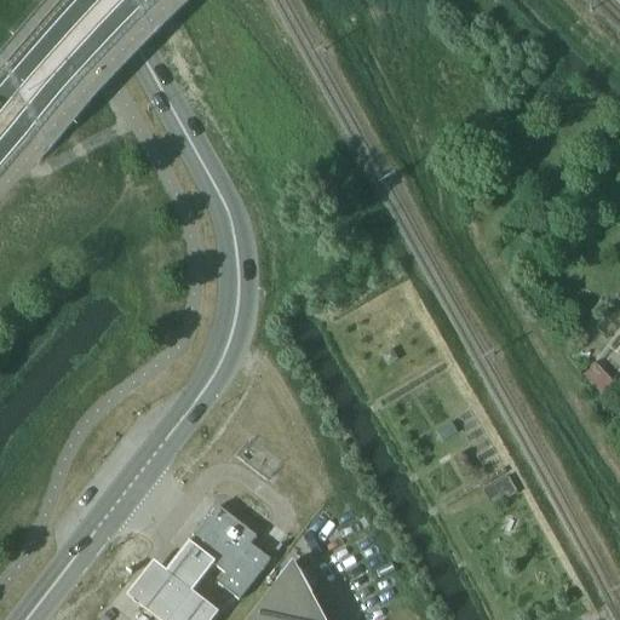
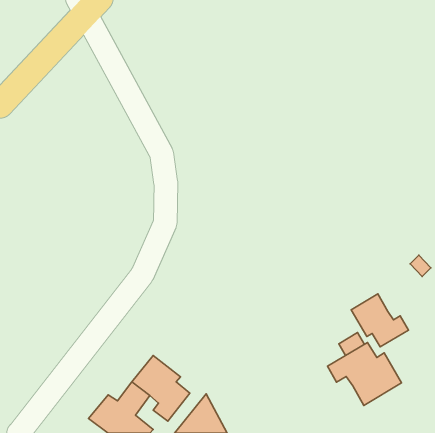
building: none -> [351,294,408,347]
building: none -> [328,343,402,406]

